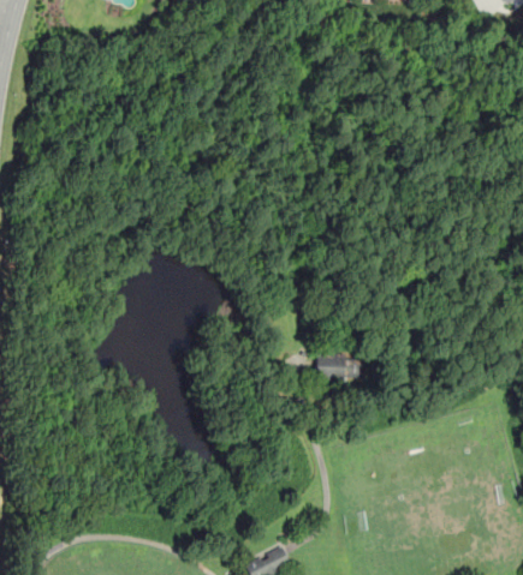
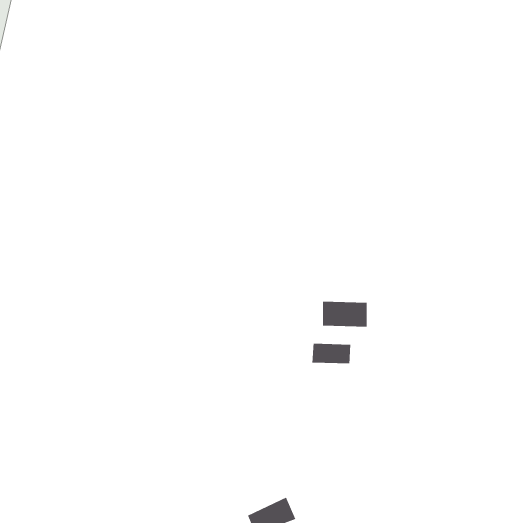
building: none -> [312,343,351,364]

